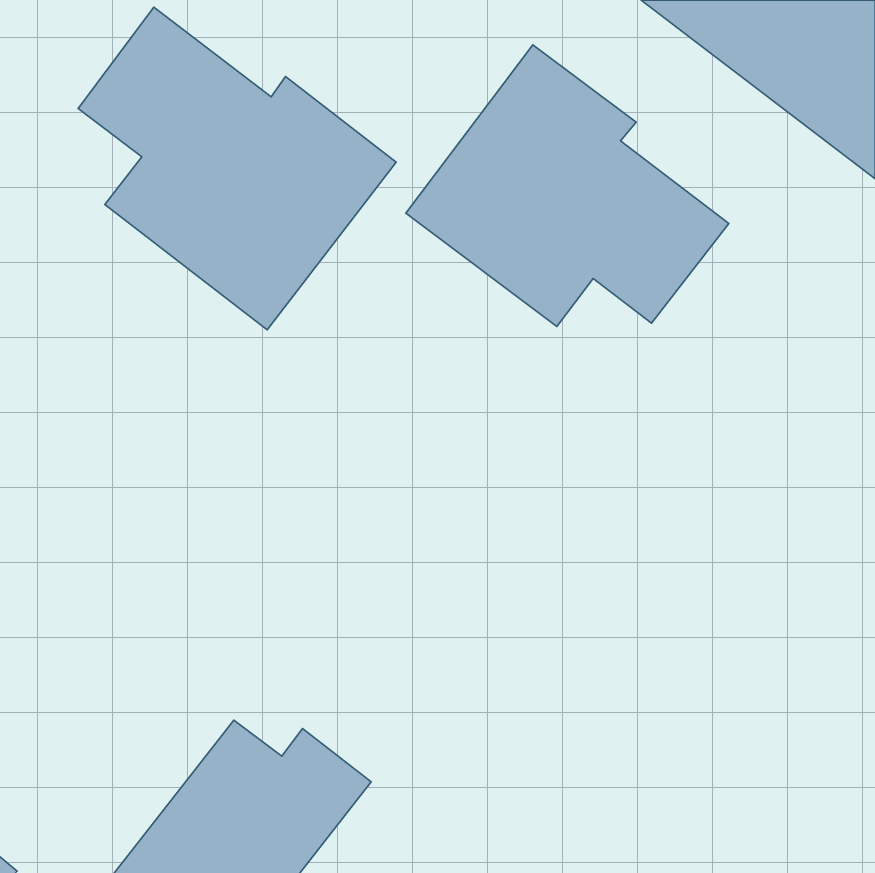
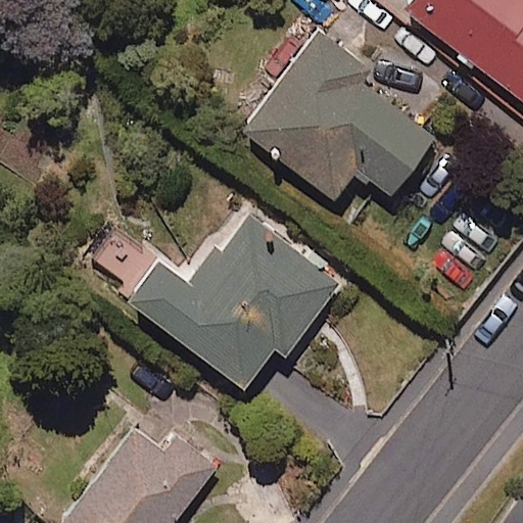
building: [78,7,396,330] -> none
building: none -> [129,209,338,384]

